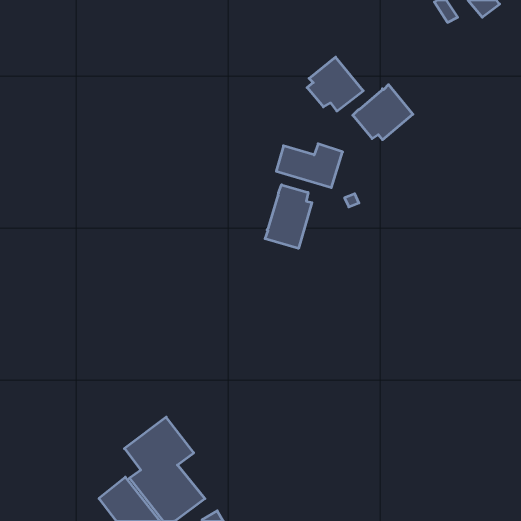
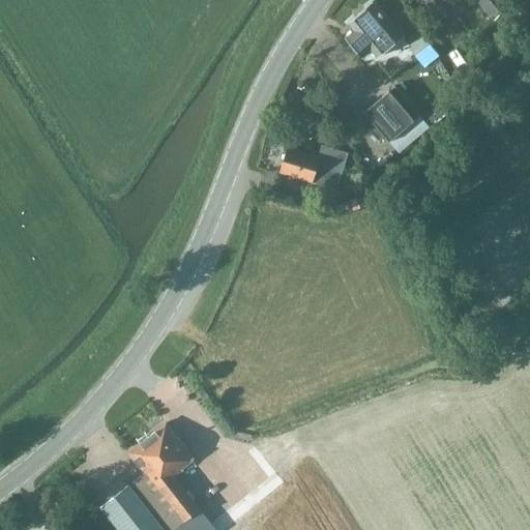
building: [307,57,363,111] -> [346,6,403,61]
building: [265,185,312,248] -> none

